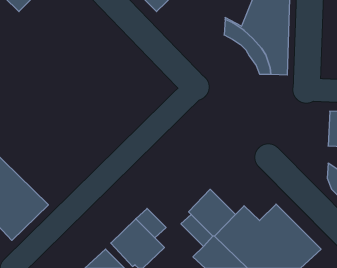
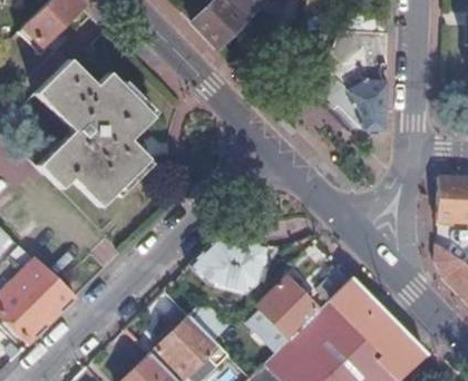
building: none -> [37,59,155,207]
building: none -> [191,234,269,294]

